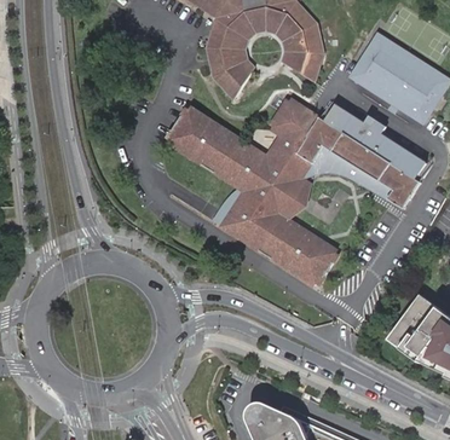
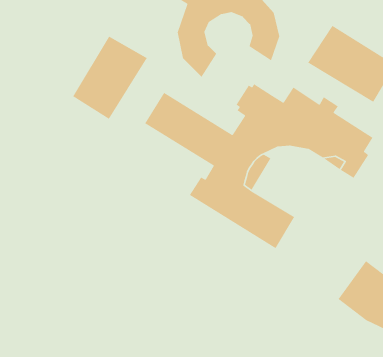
building: [235,19,287,65] -> none
building: none -> [72,35,148,120]

